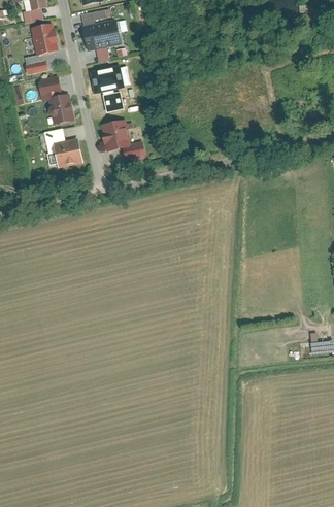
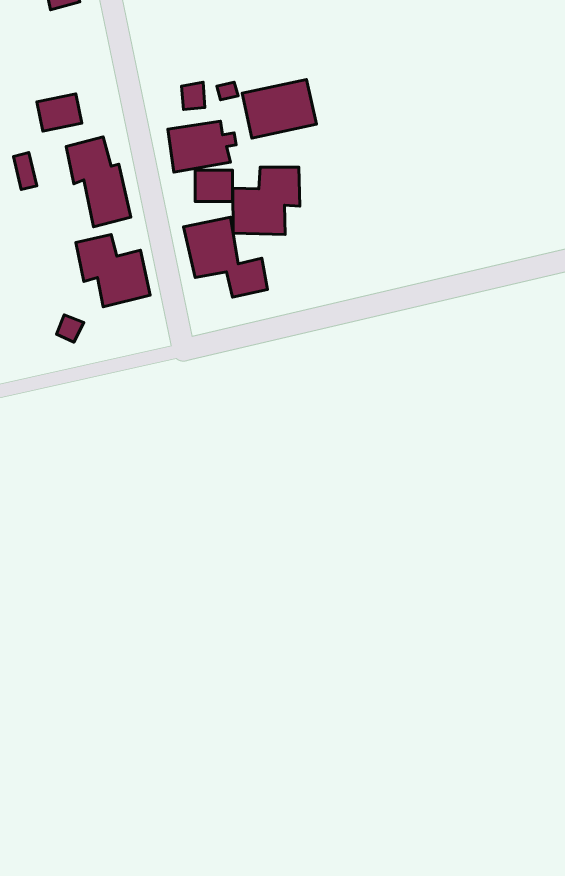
building: [84,19,123,49] -> [242,79,316,138]
building: [31,22,59,55] -> none
building: none -> [233,167,300,234]

